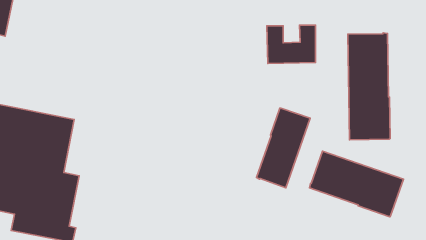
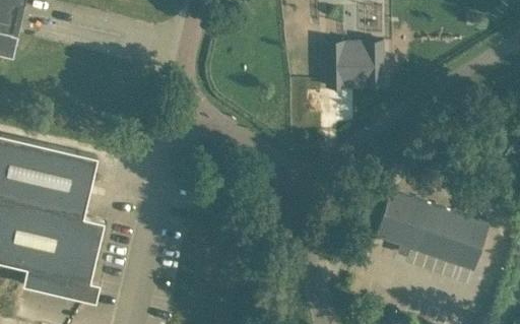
building: [348,33,390,140] -> none
building: [257,108,310,188] -> none

